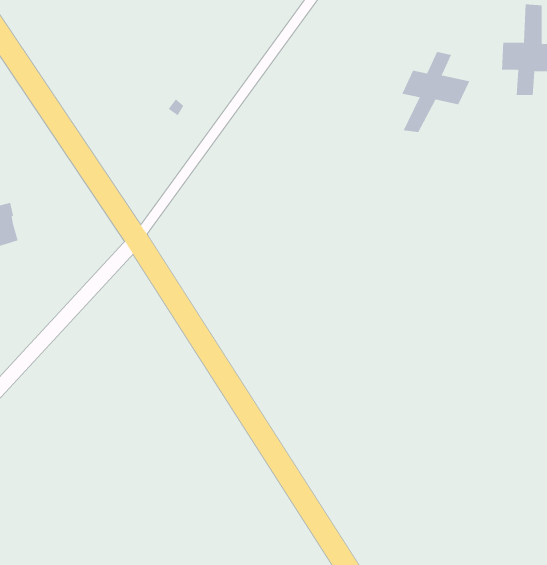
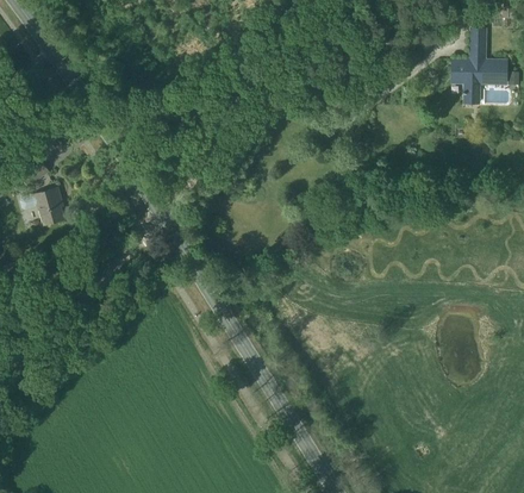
building: [401,51,470,133] -> none

